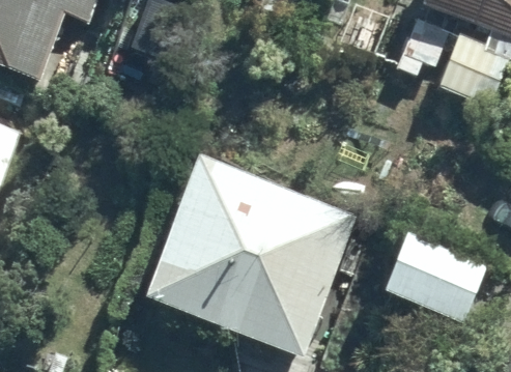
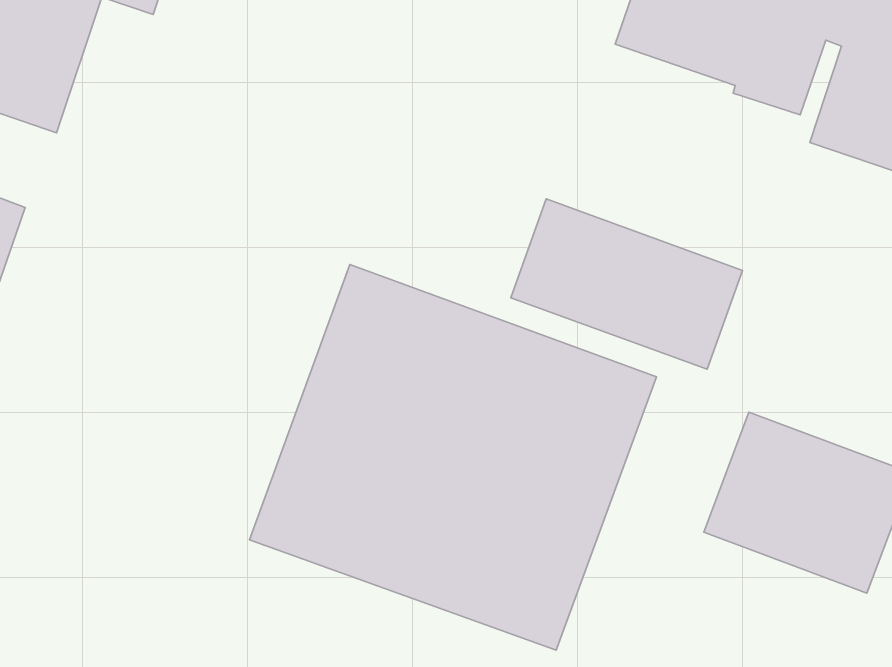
building: none -> [511,199,743,369]

